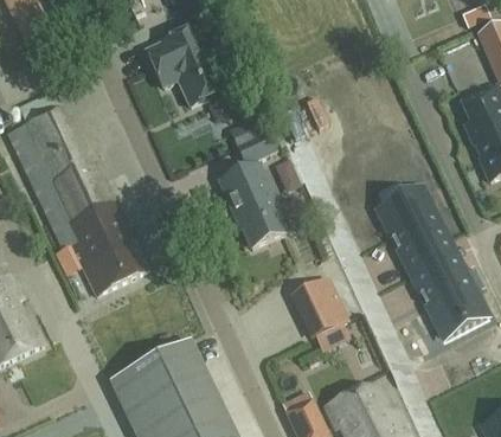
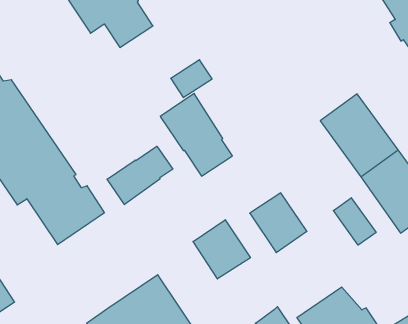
building: none -> [107,146,173,205]
building: none -> [333,198,376,245]
building: none -> [193,220,250,279]

